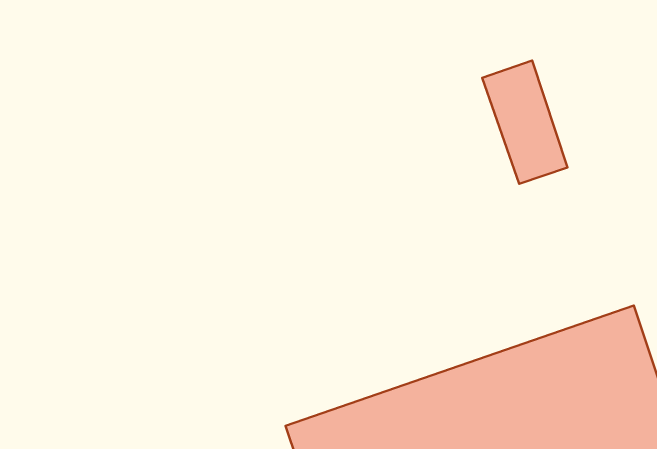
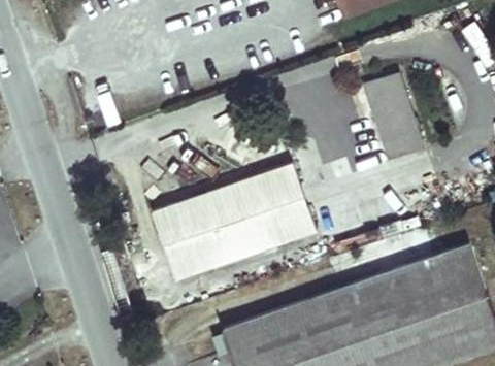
building: none -> [152,166,315,282]

